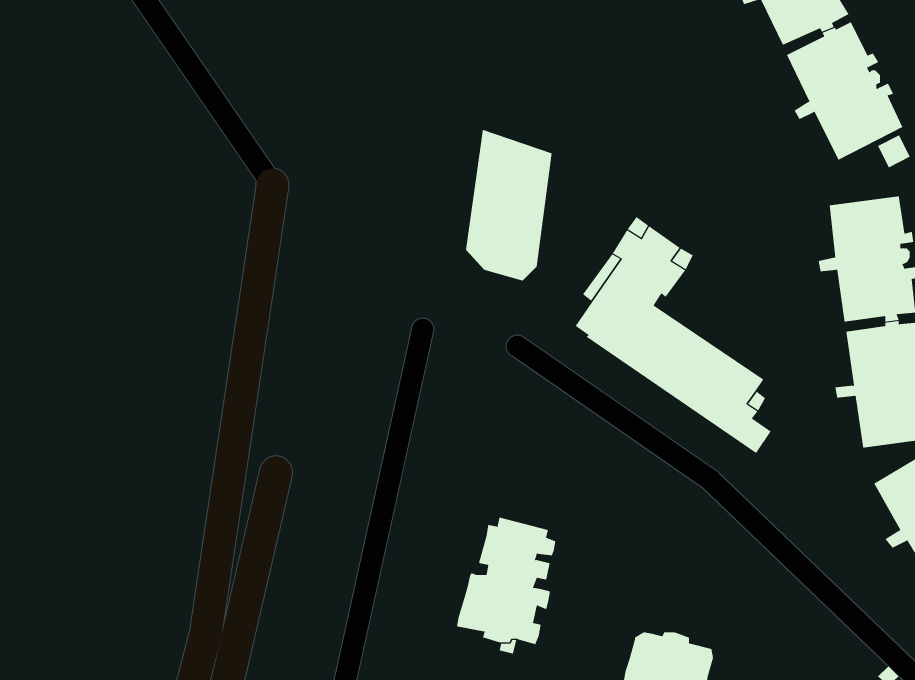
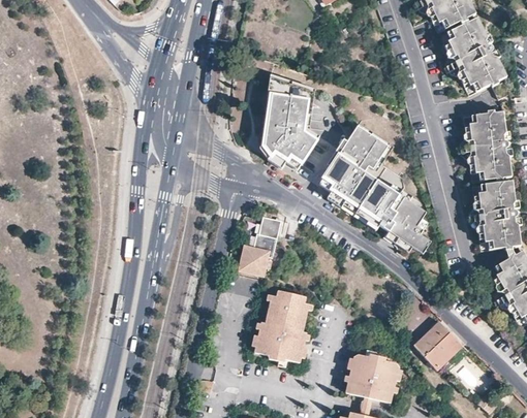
building: none -> [259,88,319,171]
building: none -> [240,217,281,277]
building: none -> [414,322,462,369]

